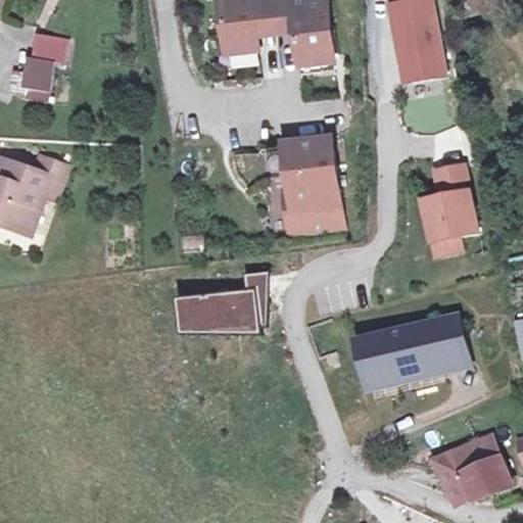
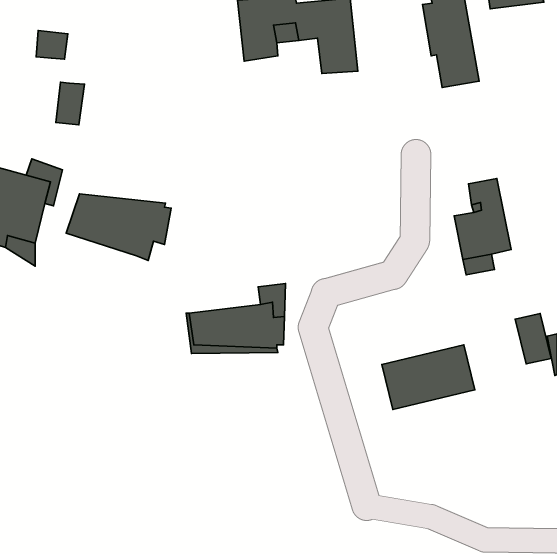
building: [21,52,48,92] -> [56,82,84,125]
building: [280,142,337,237] -> none
building: none -> [66,194,171,260]
building: [433,317,467,364] -> [515,314,551,364]
building: [437,434,508,500] -> none

